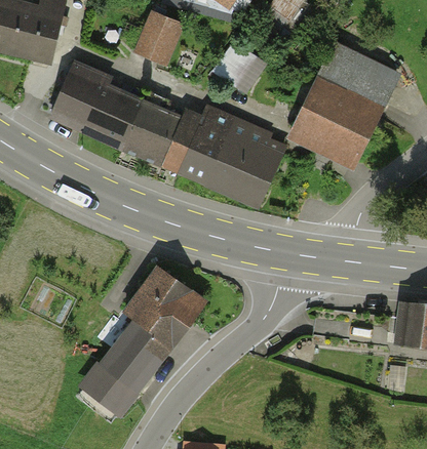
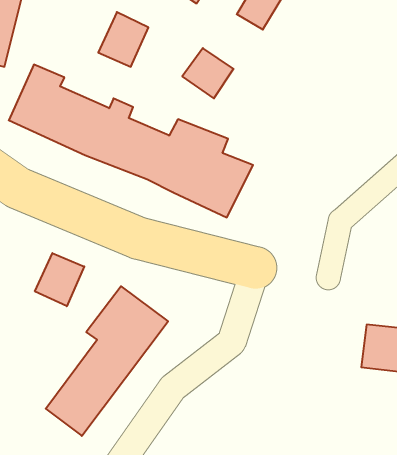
building: [296,47,395,156] -> none
building: none -> [35,253,84,306]

